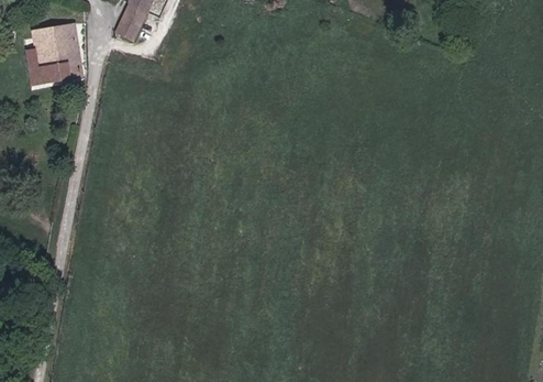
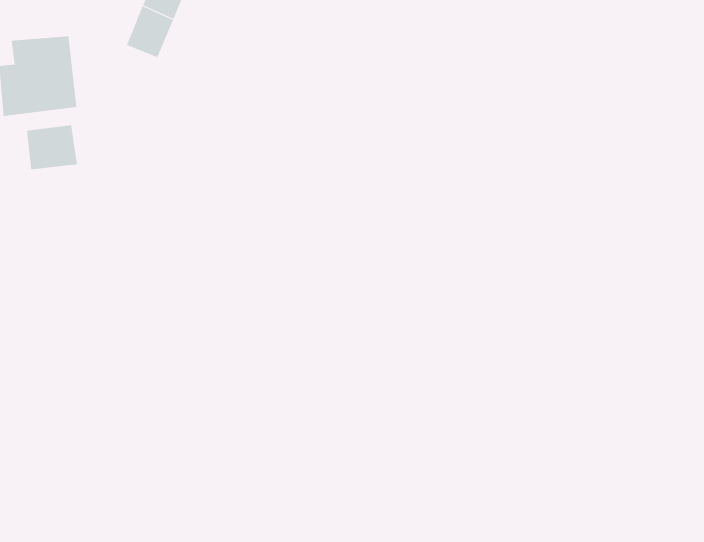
building: none -> [27,125,77,170]

